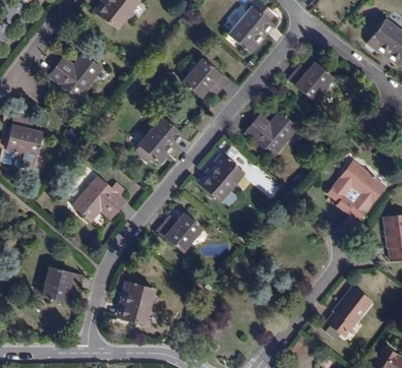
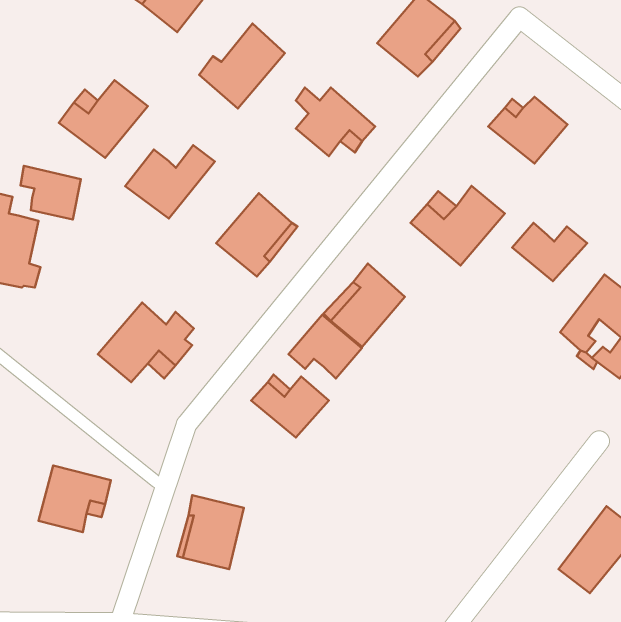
building: none -> [199,24,285,109]
building: none -> [125,145,215,219]
building: none -> [20,166,81,219]
building: none -> [512,223,587,281]
building: none -> [289,315,362,378]

